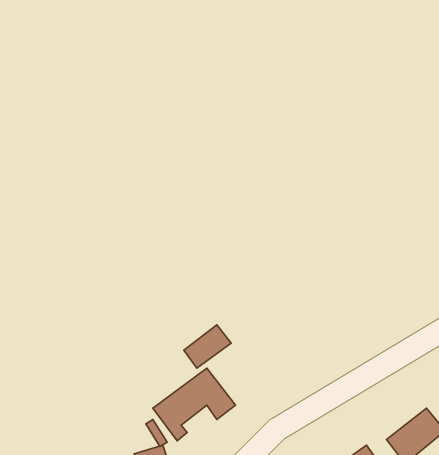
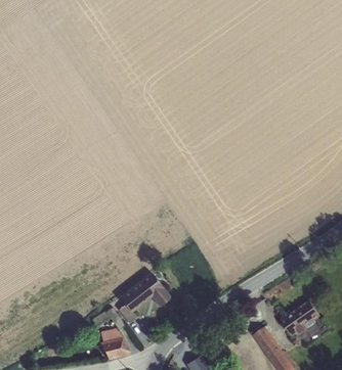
building: [184,325,231,368] -> none

